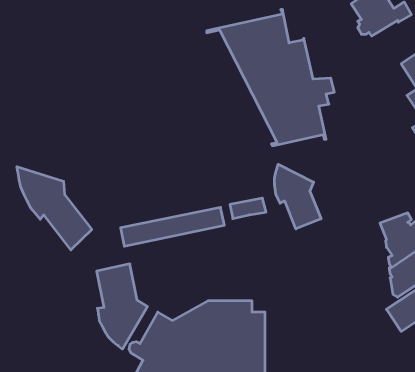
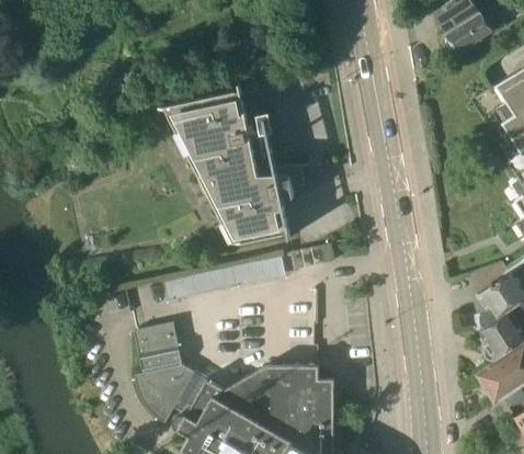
building: [207,10,334,146] -> [150,84,301,246]
building: [275,164,321,229] -> none
building: [17,167,92,250] -> none

